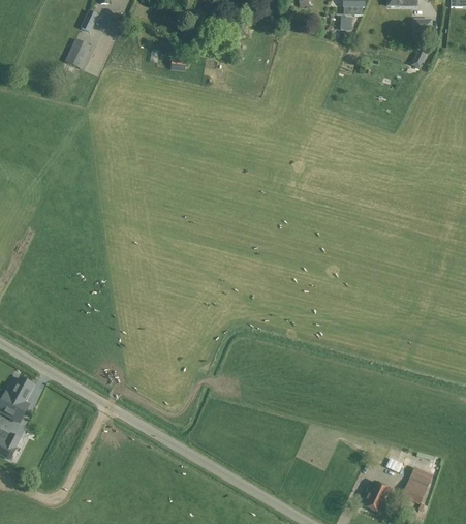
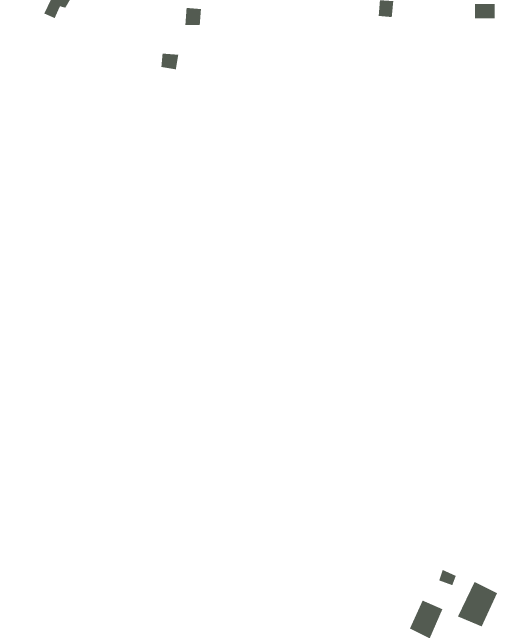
building: [65,37,91,71] -> none

